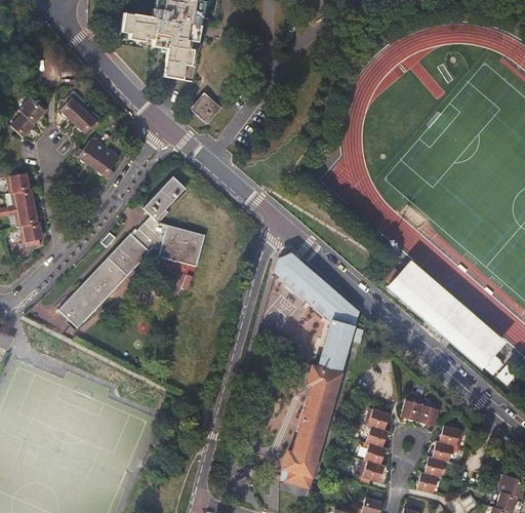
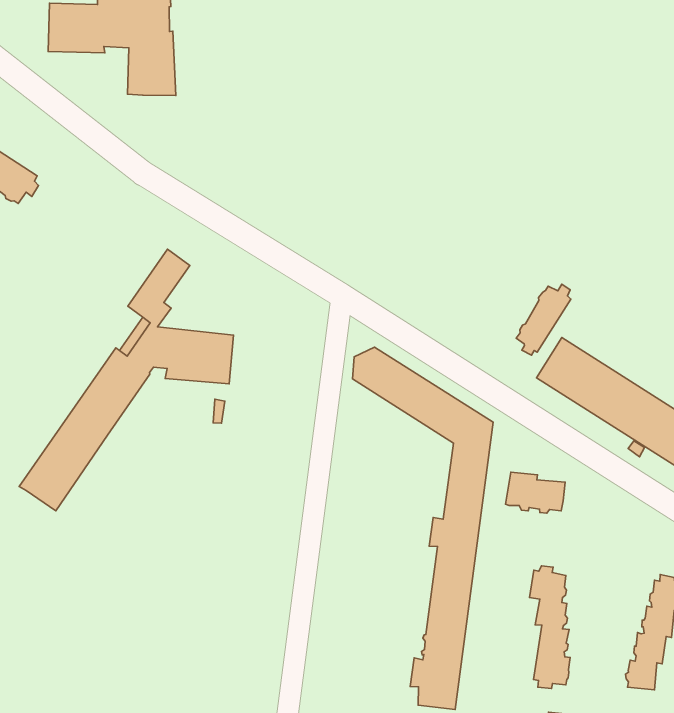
building: [190,91,221,123] -> none
building: [75,136,120,179] -> none
building: none -> [516,284,571,355]
building: [401,396,440,425] -> [506,472,565,513]

